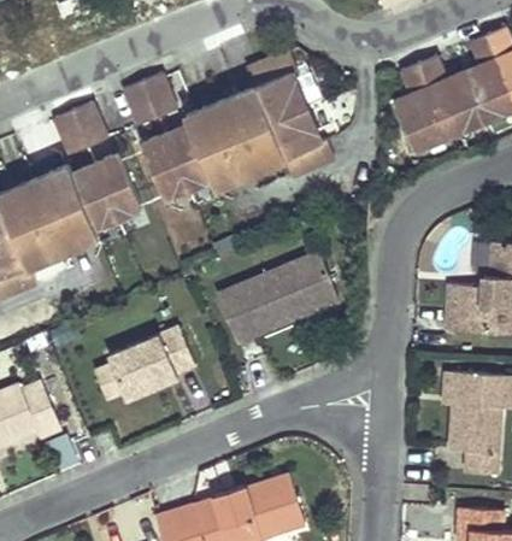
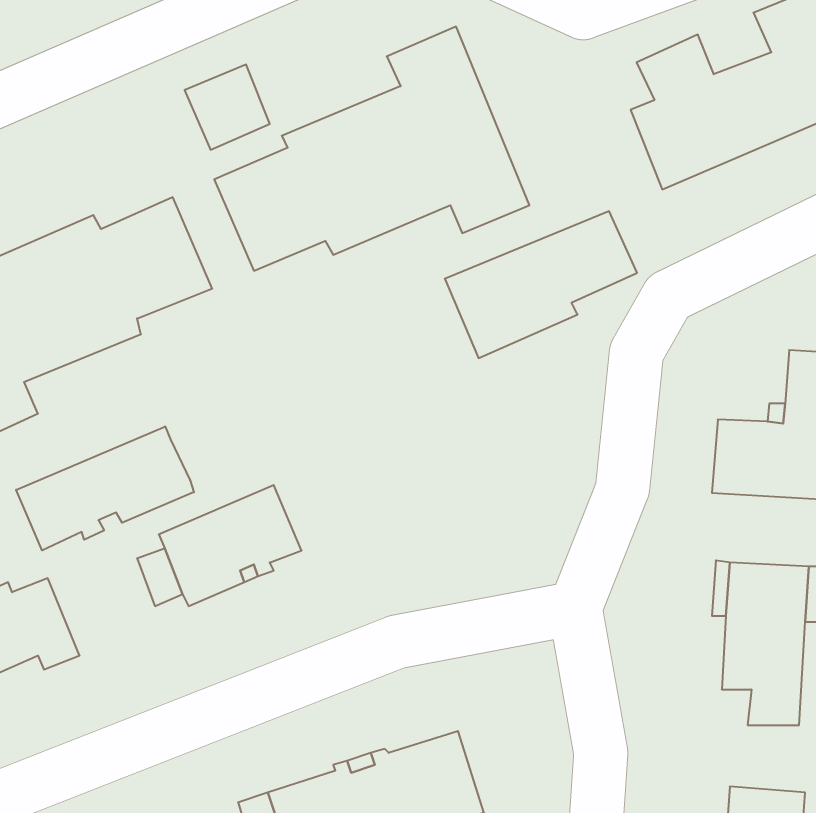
building: [54,101,106,153] -> none
building: [218,255,335,345] -> [445,211,637,358]
building: none -> [16,426,194,550]

